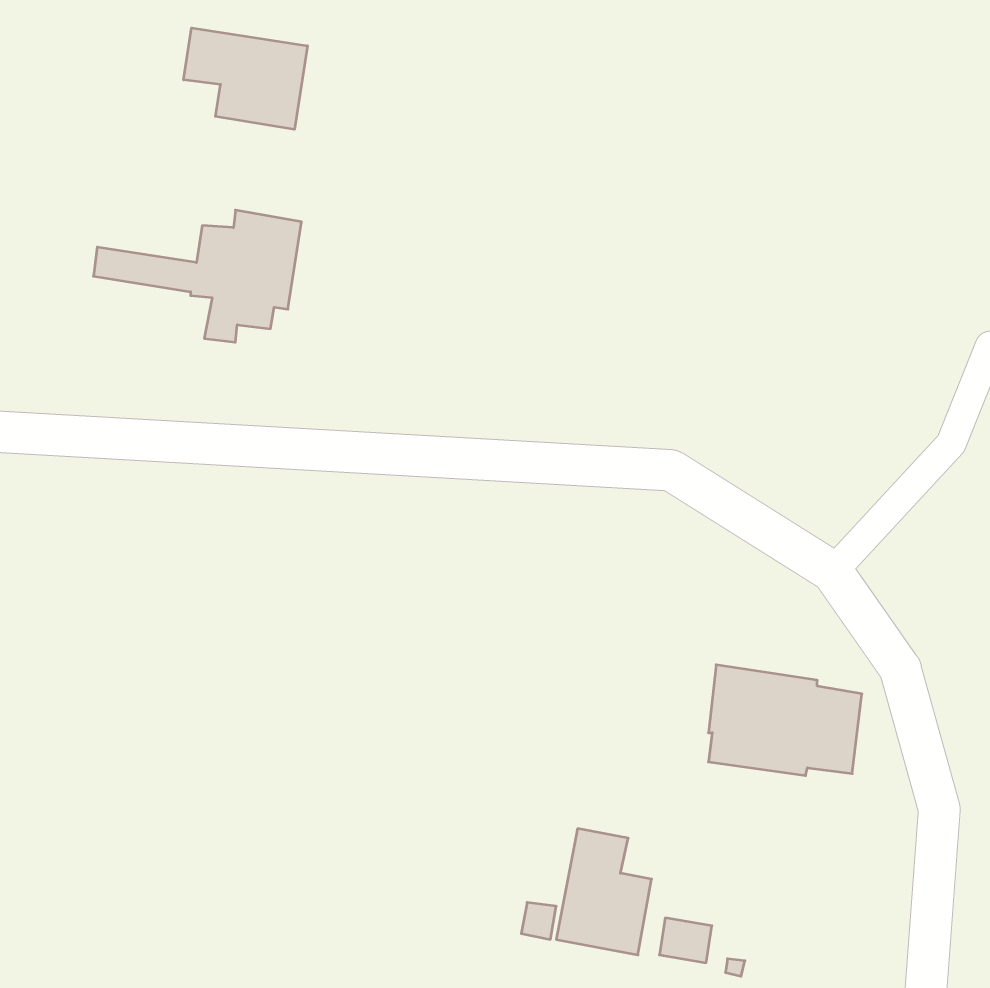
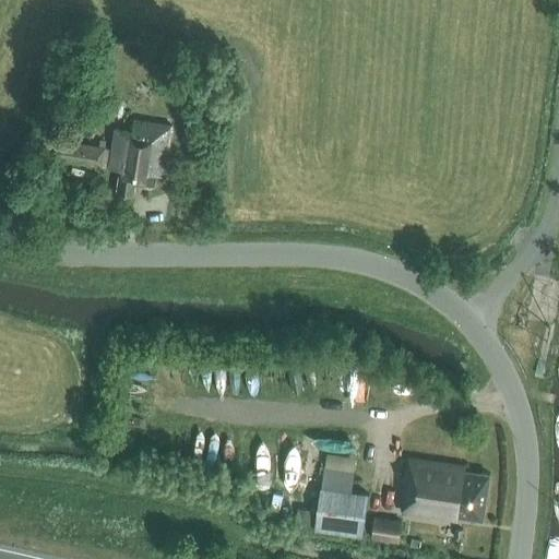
building: [184,28,307,129] -> none
building: [708,665,862,776] -> [407,455,493,518]

